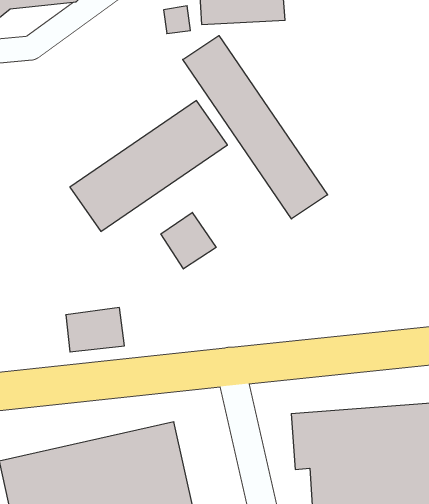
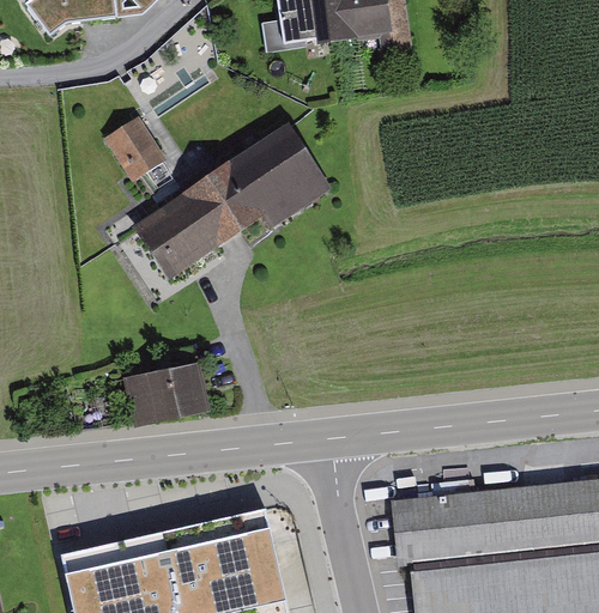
building: [183,36,328,219] -> none
building: none -> [108,117,167,178]
building: [161,212,216,269] -> none

